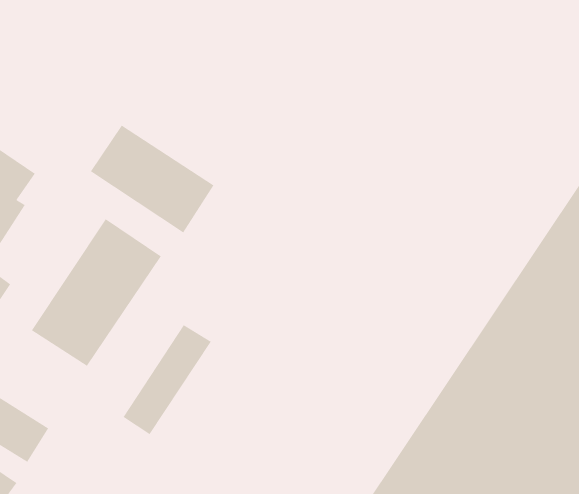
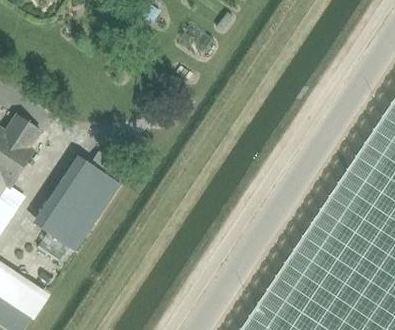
building: [90,125,215,233] -> none
building: [123,324,212,435] -> none

